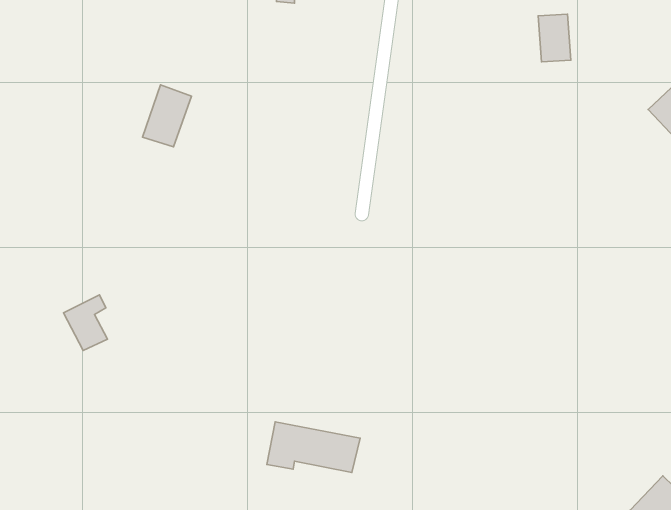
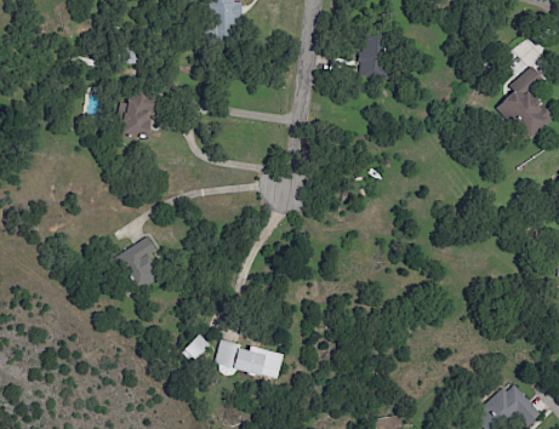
building: [538,14,571,62] -> [358,36,382,72]
building: [63,295,108,350] -> [124,241,156,282]

